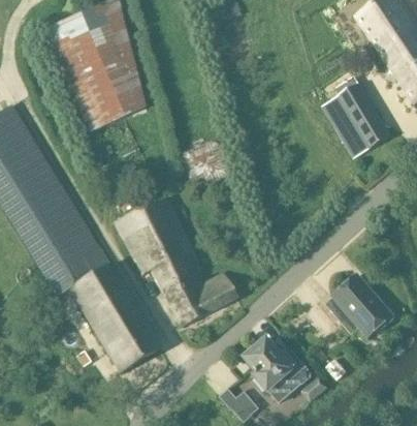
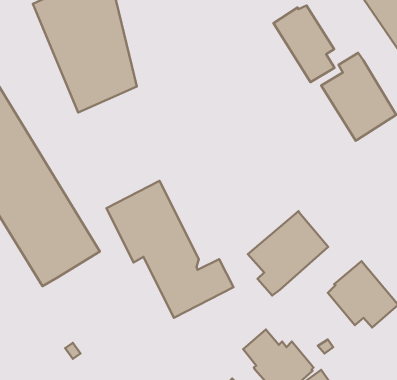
building: none -> [274,6,335,82]
building: none -> [248,211,328,295]
building: [69,264,160,371] -> none

